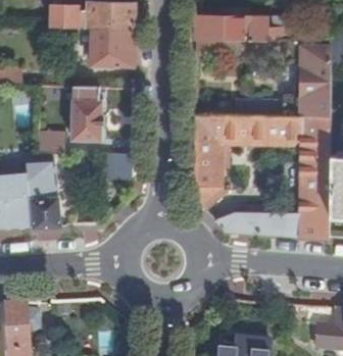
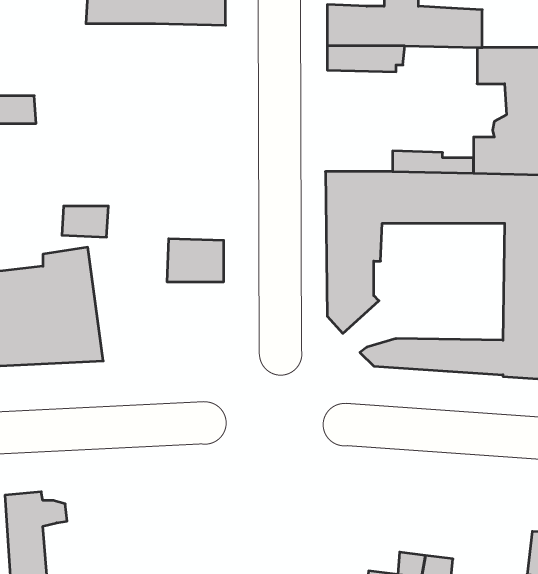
building: [92,26,135,65] -> none
building: [57,86,104,140] -> none

